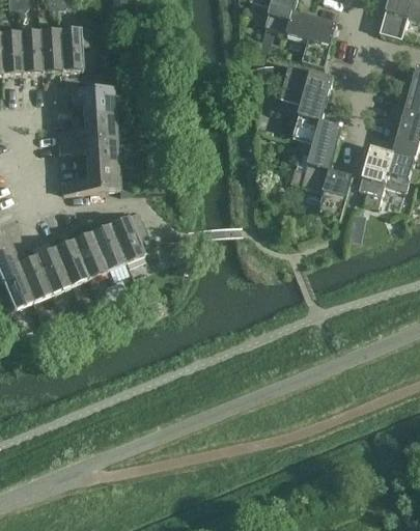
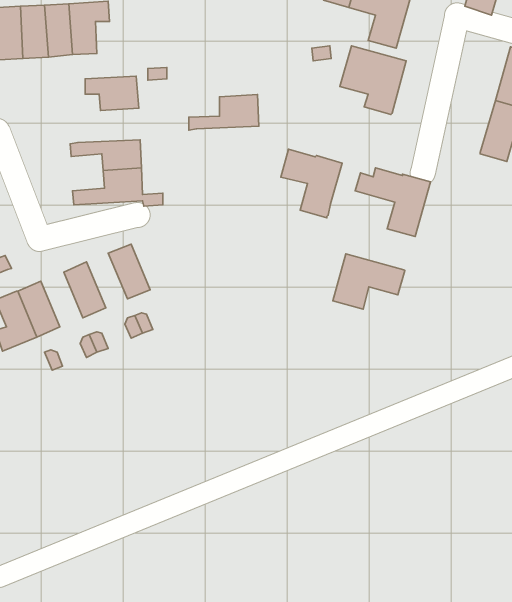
building: [291,112,341,168] -> [281,149,342,218]
building: [58,113,115,142] -> [189,94,259,130]
building: [358,143,414,203] -> none
building: [108,213,151,261] -> none
building: [72,231,105,276] -> none
building: none -> [333,254,405,309]
building: [34,247,68,291] -> none

